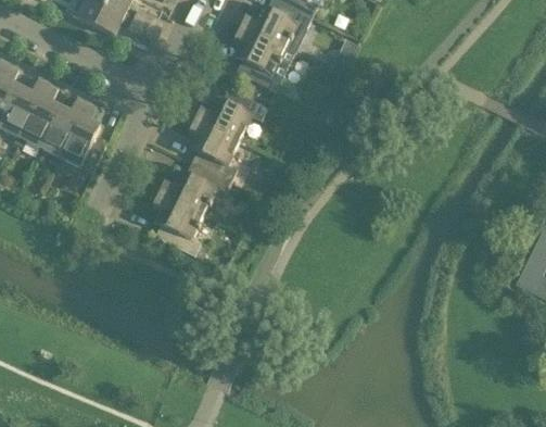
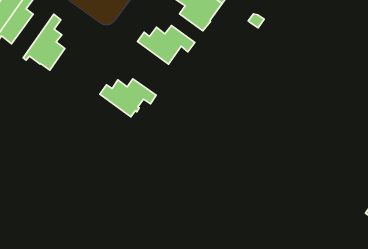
building: [39,95,86,160] -> none
building: [189,115,244,181] -> none
building: [152,189,203,253] -> none

